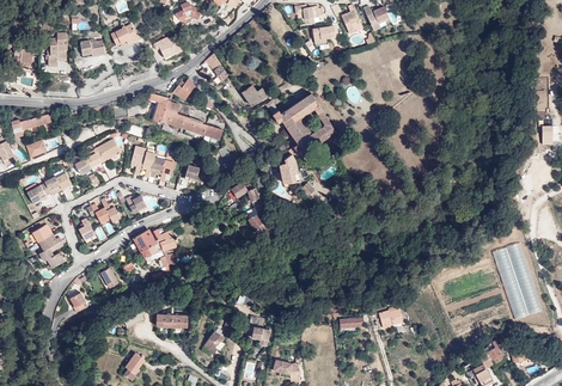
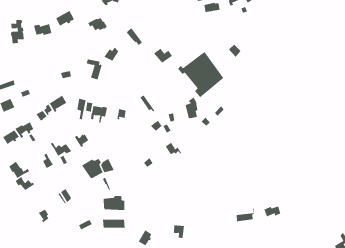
building: [164,102,222,139] -> none
building: none -> [103,195,125,211]

